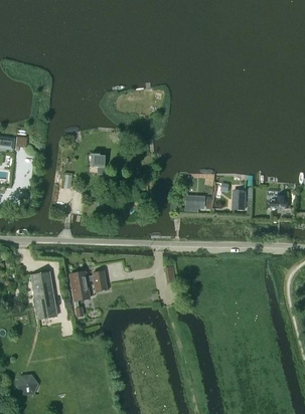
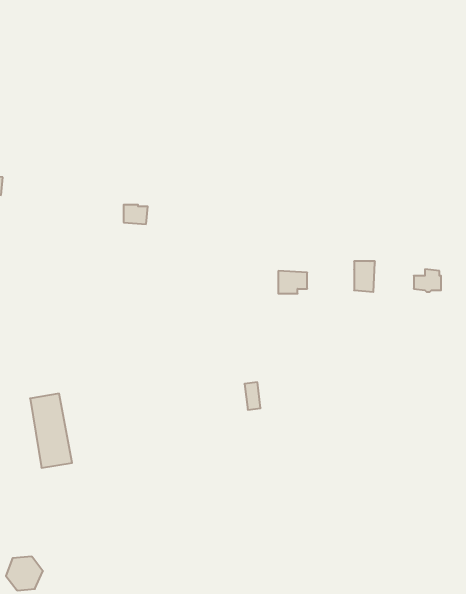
building: [70,270,107,317] -> none

